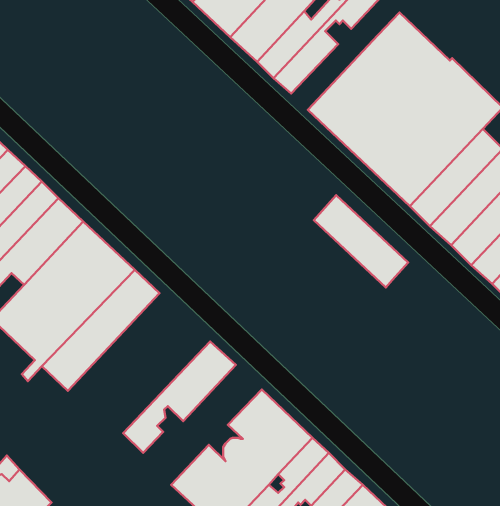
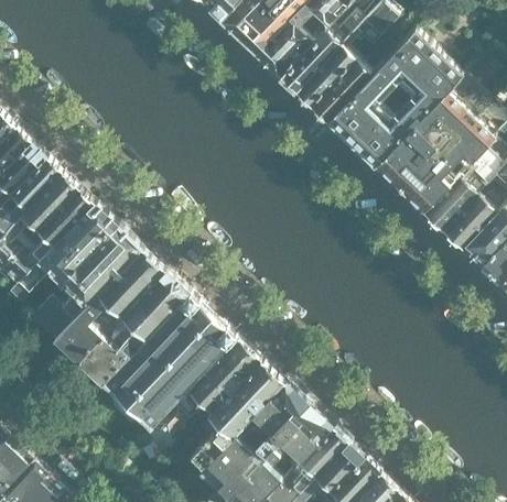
building: none -> [309,41,390,120]
building: [314,195,408,288] -> none
building: none -> [99,292,233,428]
building: none -> [181,359,281,480]

